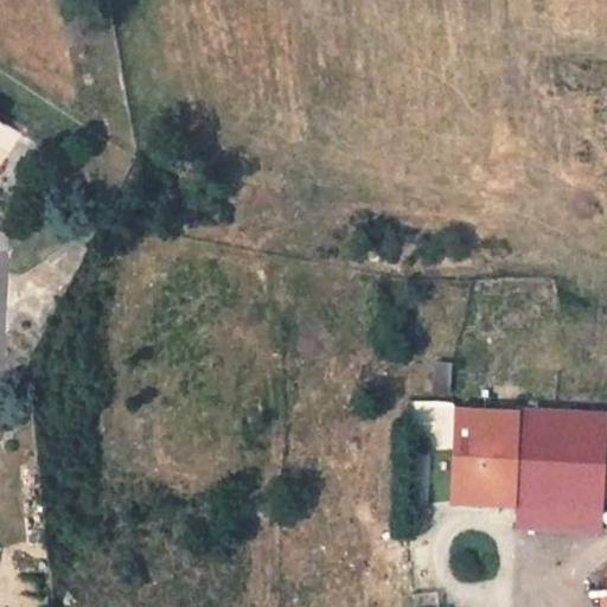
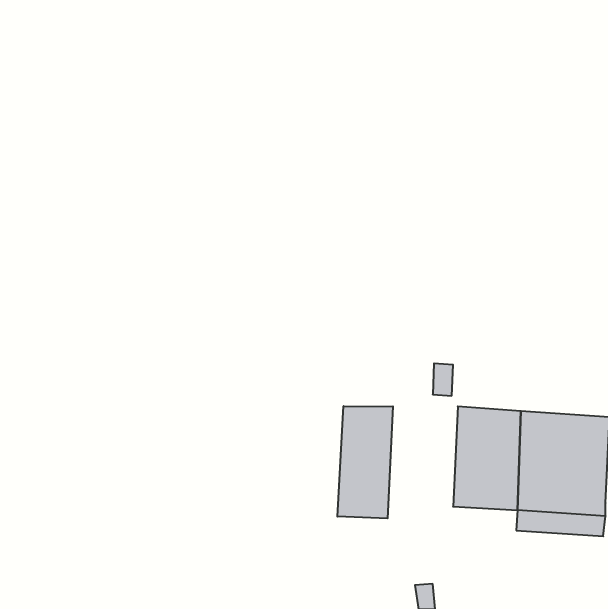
building: none -> [337,406,393,518]

